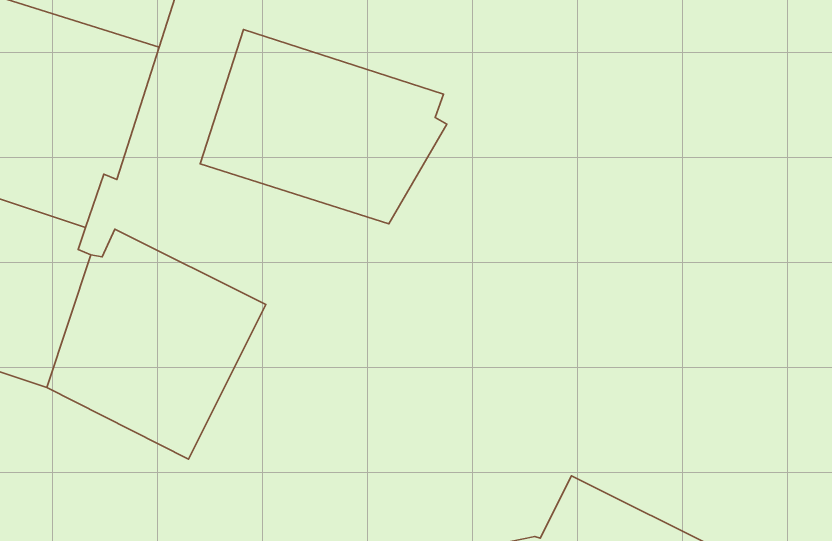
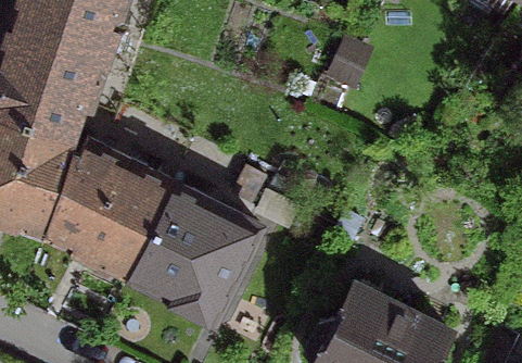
building: [200,29,447,224] -> none
building: none -> [130,188,259,322]

